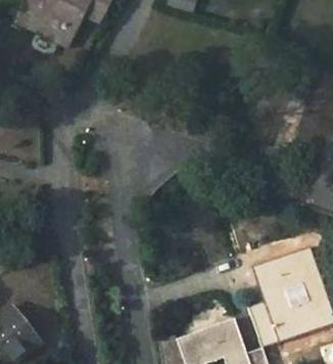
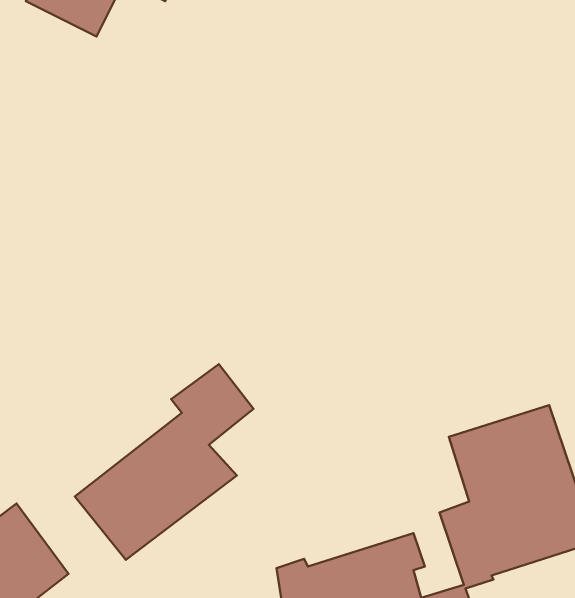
building: none -> [75,364,253,560]

